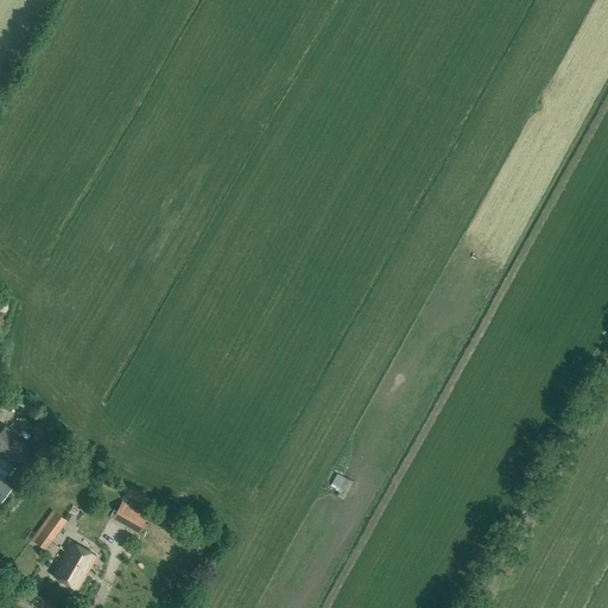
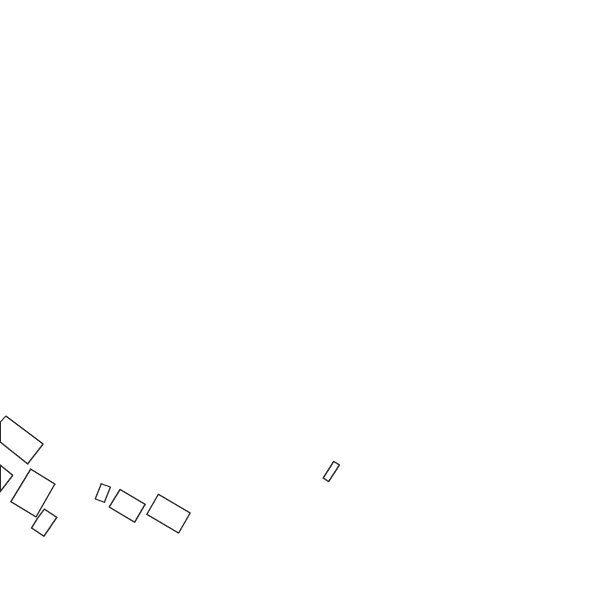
building: none -> [147,494,190,533]
building: [51,540,96,589] -> [11,469,55,517]

